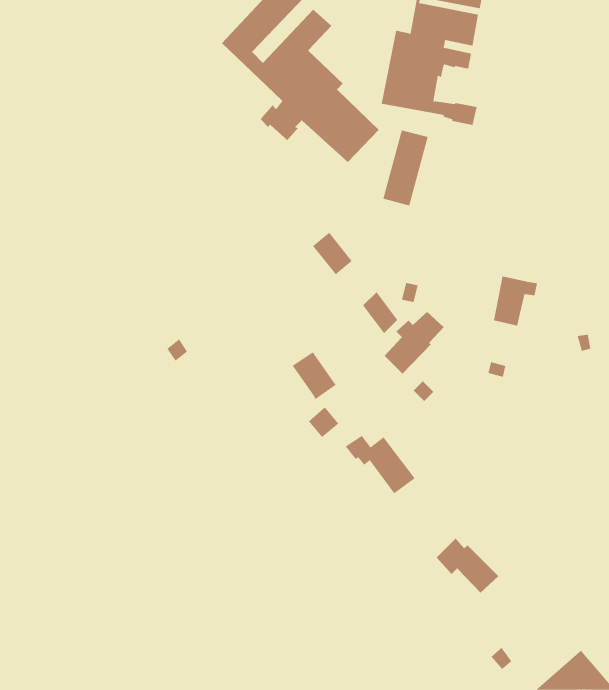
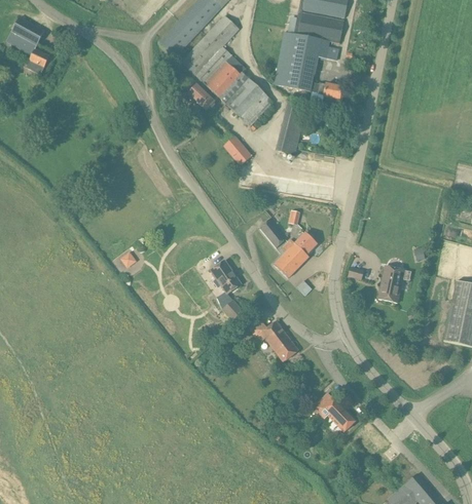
building: none -> [6,16,49,74]
building: [312,232,353,275] -> [223,135,252,166]
building: [493,276,538,326] -> [379,266,411,302]

